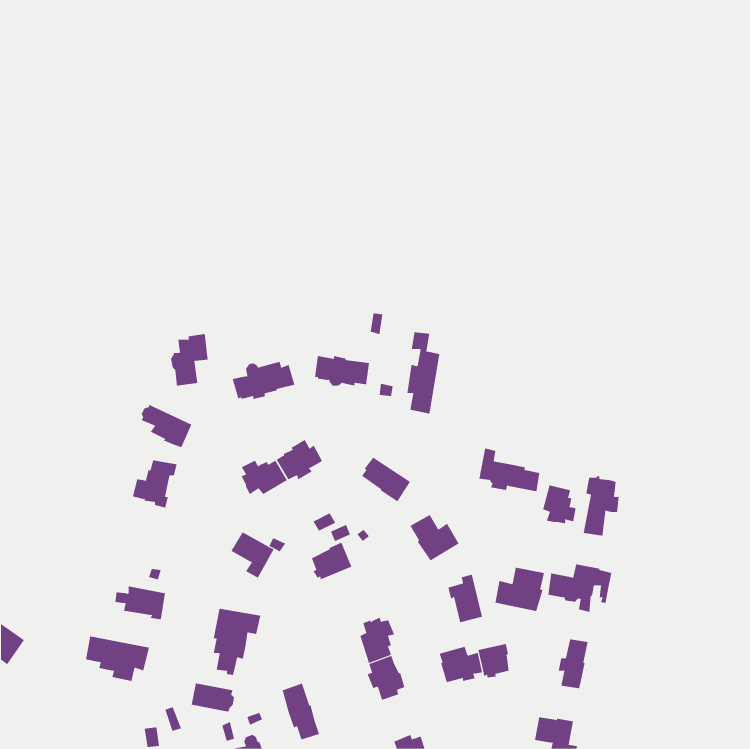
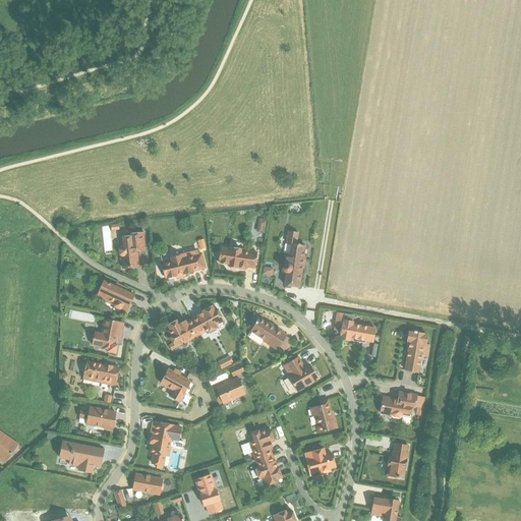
building: [543,485,576,524] -> none
building: none -> [82,360,118,385]
building: [495,567,544,612] -> none
building: [478,643,509,678] -> none

